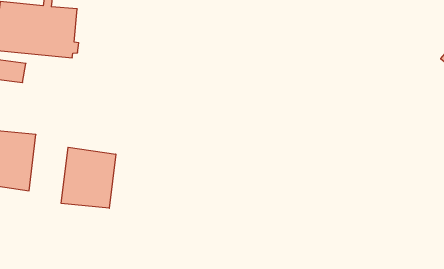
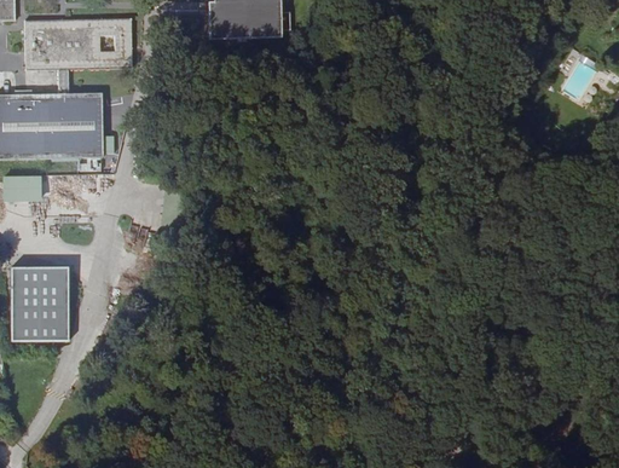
building: [61,147,116,208] -> none

